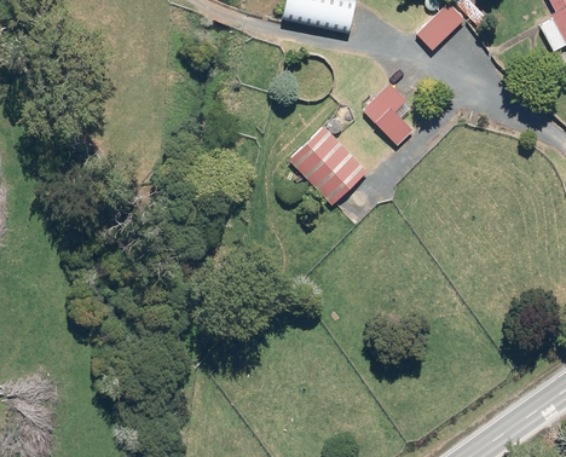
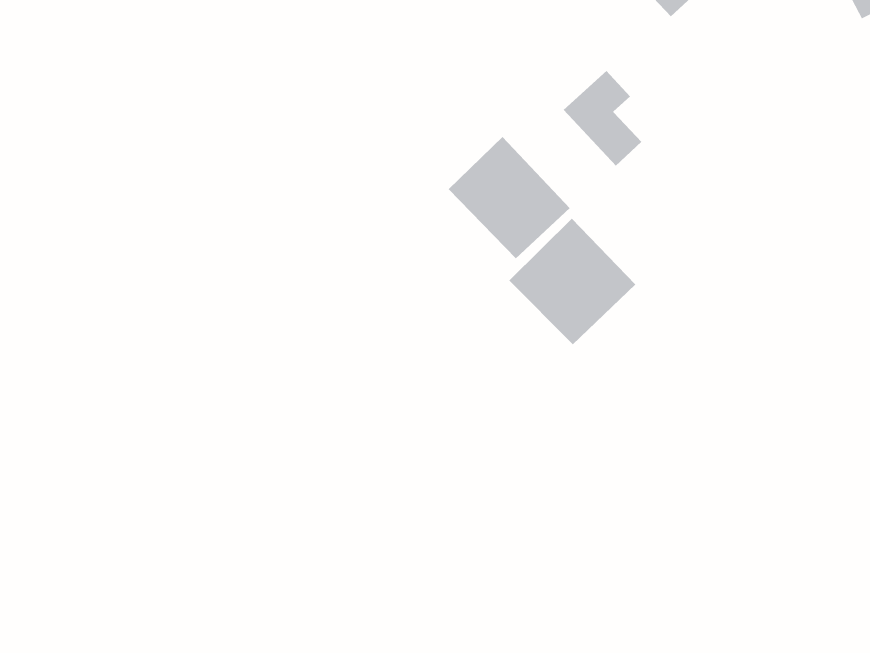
building: none -> [509,218,636,345]

